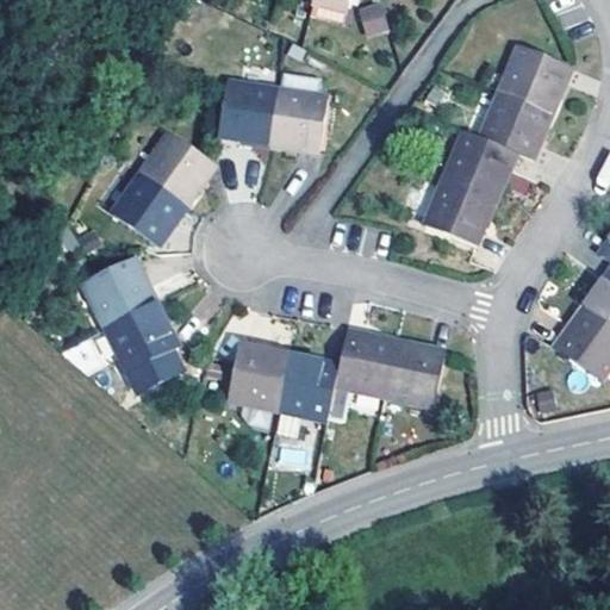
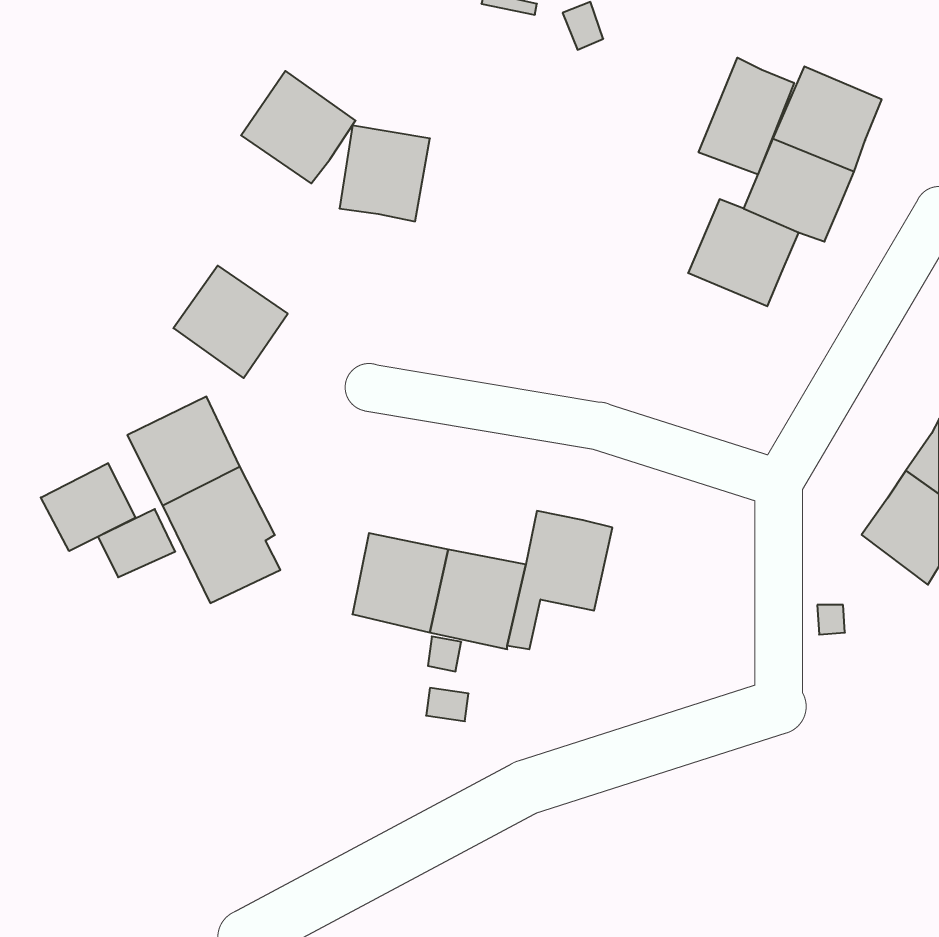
building: none -> [699,58,794,174]
building: [268,89,326,151] -> none
building: [141,130,214,203] -> [241,71,356,183]
building: [424,176,496,244] -> none
building: none -> [41,463,135,551]
building: [384,341,444,405] -> none

